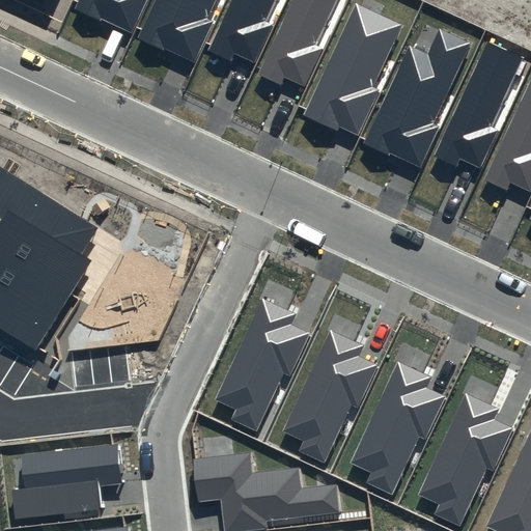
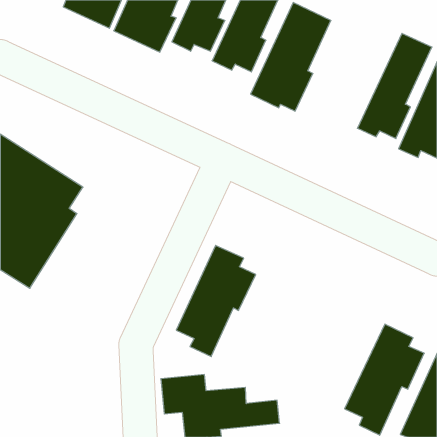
building: [365,28,471,166] -> none
building: [281,329,378,464] -> none
building: [350,361,446,496] -> none
building: [10,445,120,521] -> none

